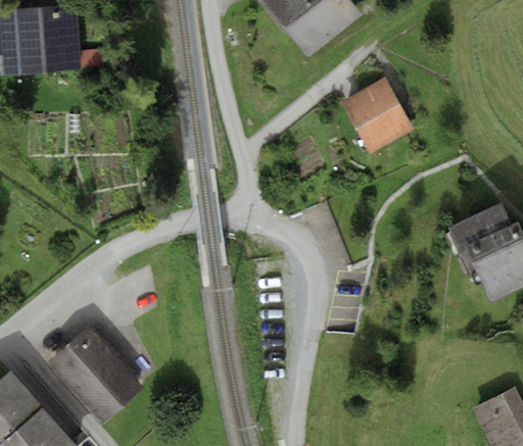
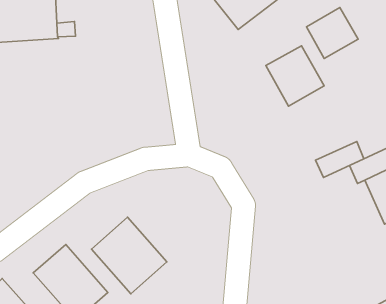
building: none -> [306,7,358,59]
building: none -> [315,142,364,177]
building: none -> [91,217,167,294]

